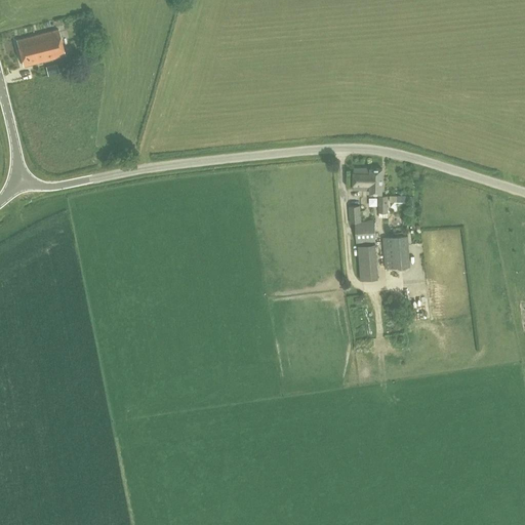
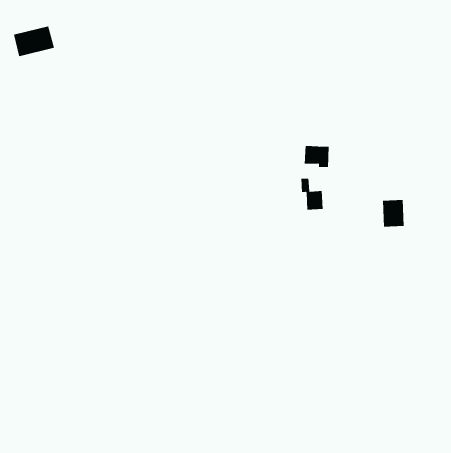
building: [385,233,410,265] -> [382,200,404,227]
building: [356,244,376,280] -> none

